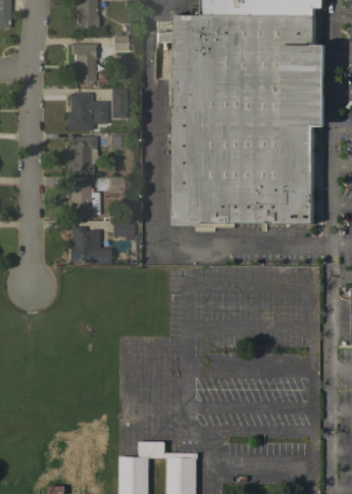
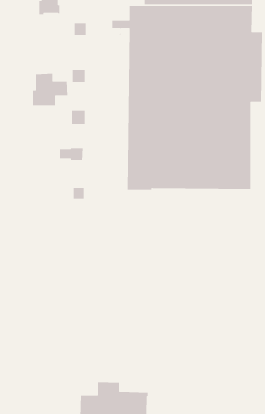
building: [68,43,96,80] -> none
building: [65,135,97,174] -> none
building: [66,182,99,217] -> none
building: [67,226,109,262] -> none

